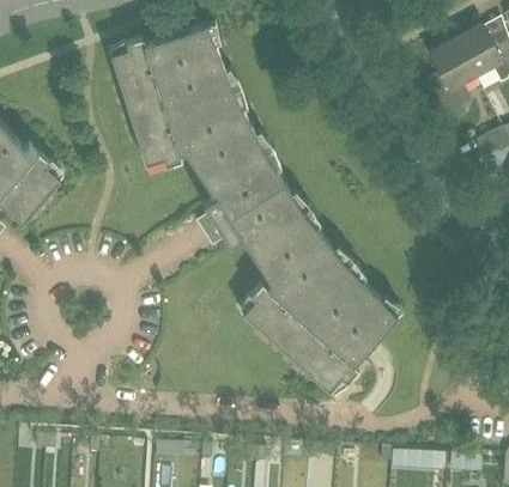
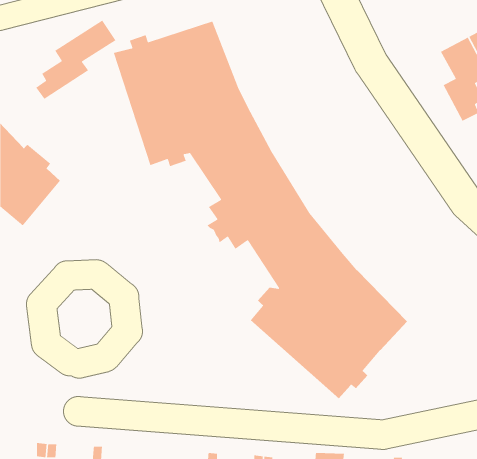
building: none -> [35,19,116,100]

